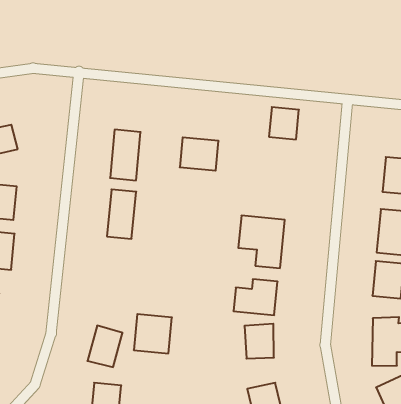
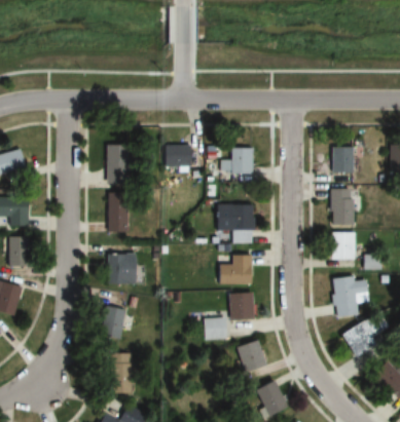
building: [269,107,299,139] -> [230,149,253,174]
building: [134,314,172,353] -> [108,254,137,283]
building: none -> [205,318,227,340]

